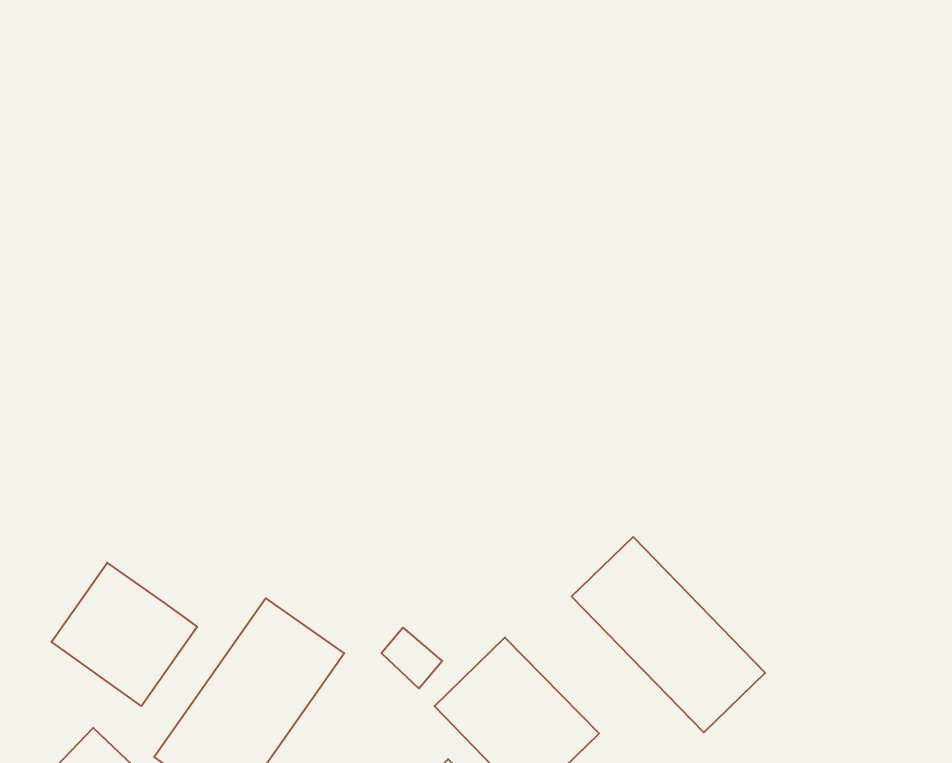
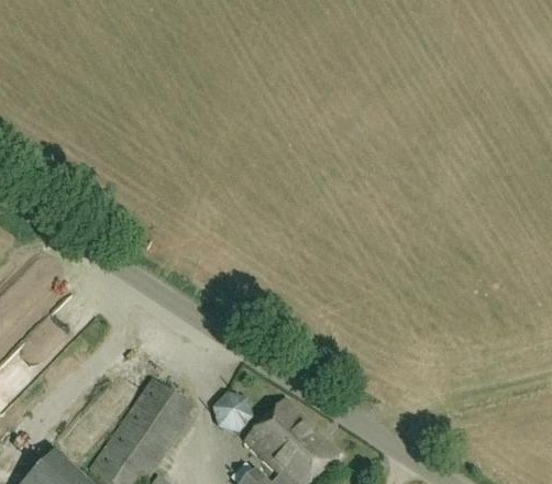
building: [572,537,765,732] -> none
building: [51,563,197,706] -> none

